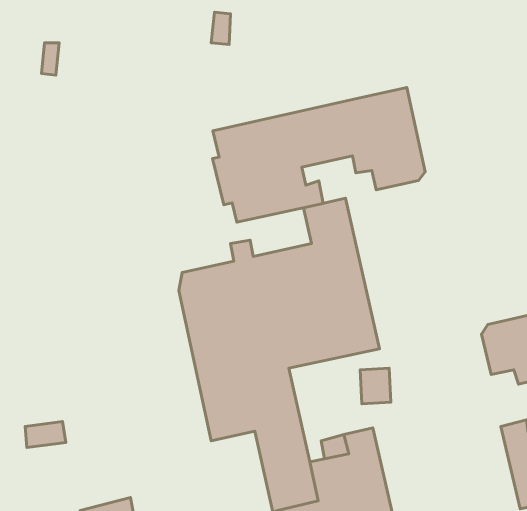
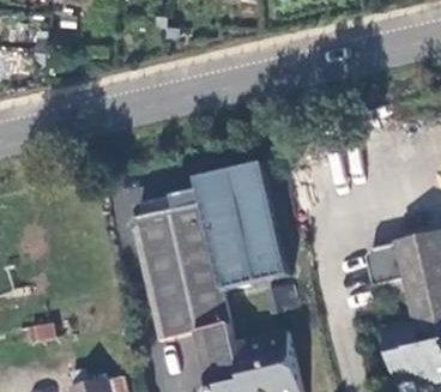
building: [212,87,425,222] -> none

